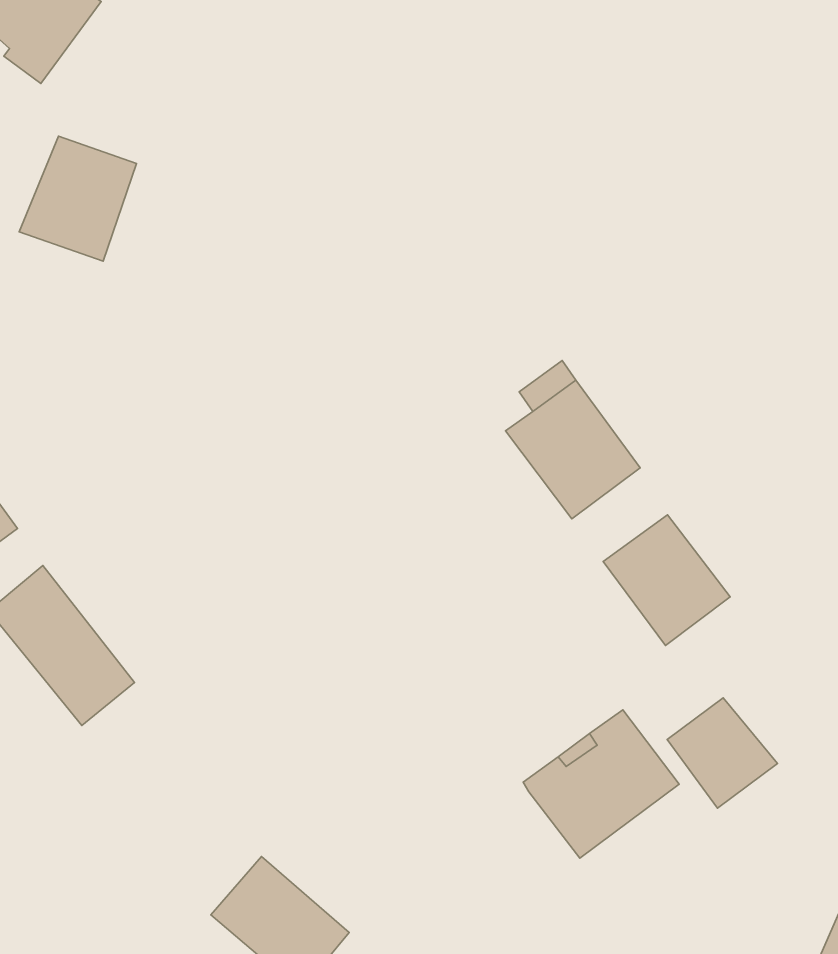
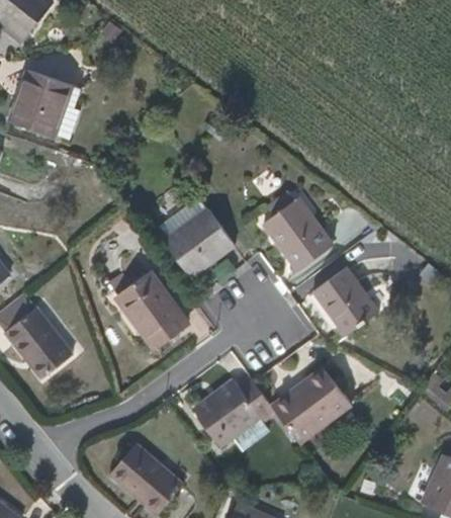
building: none -> [163,206,235,276]
building: none -> [115,272,184,348]
building: [667,698,778,808] -> none
building: none -> [193,377,274,444]

